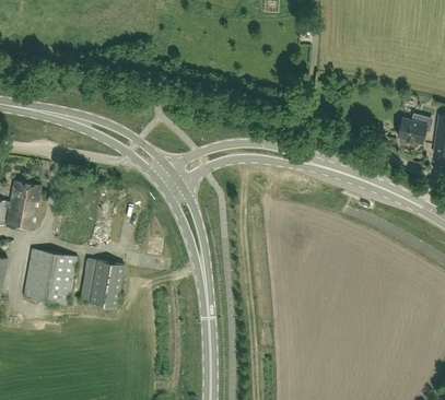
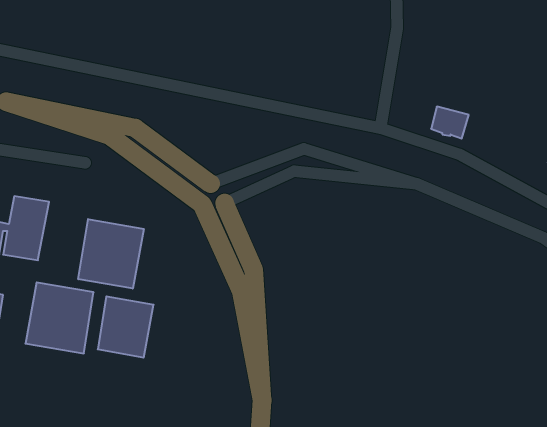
building: [397,118,426,143] -> [431,107,469,139]
building: none -> [78,219,144,289]

